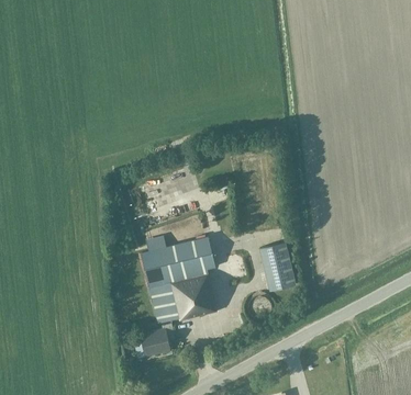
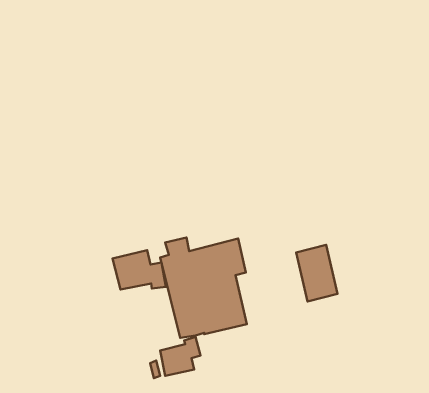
building: none -> [113,250,166,290]

